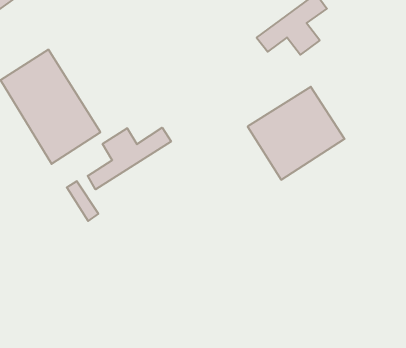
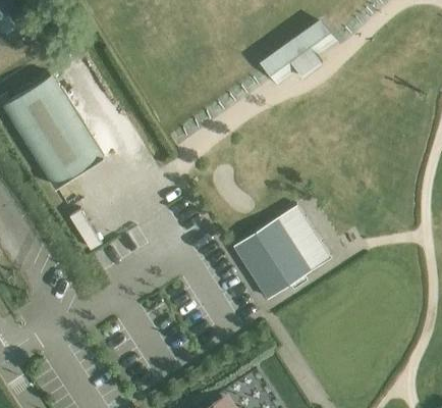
building: [248,87,345,180] -> [234,206,331,299]
building: [88,128,171,189] -> none

